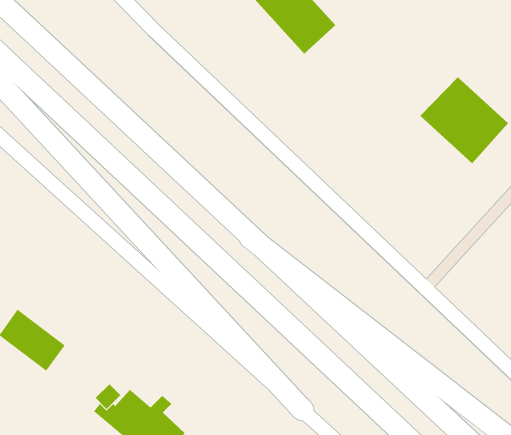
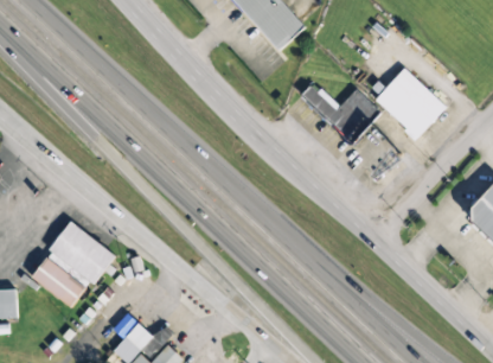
building: none -> [300,82,379,142]
building: none -> [47,219,115,284]

